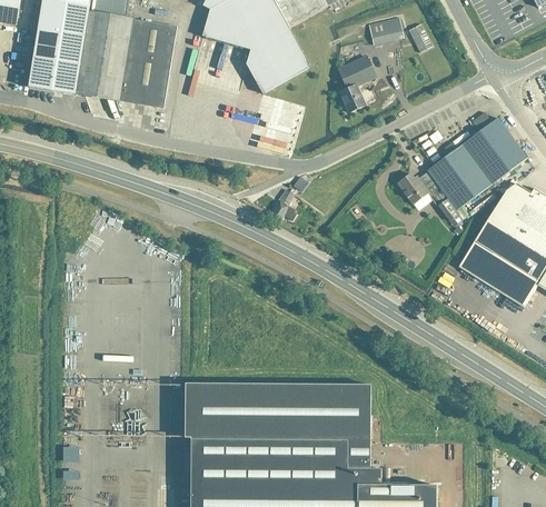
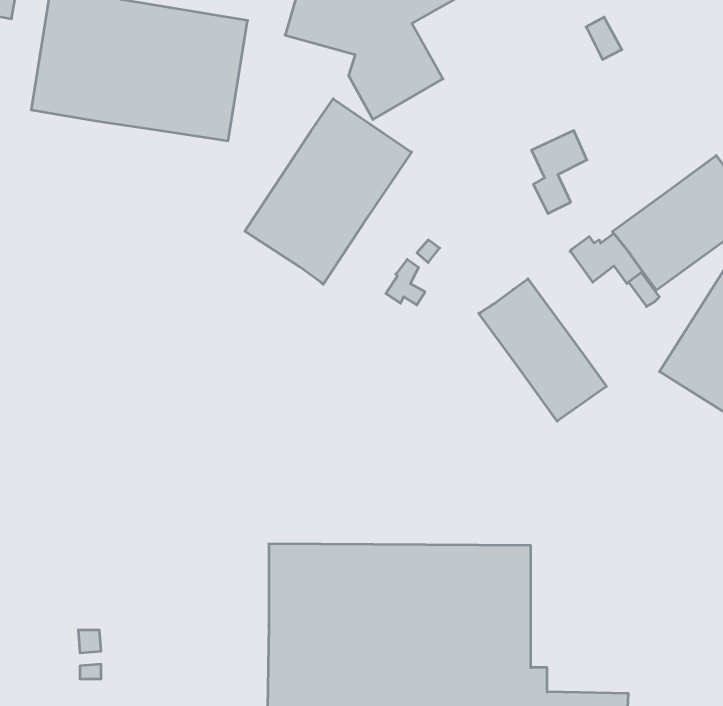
building: [368,17,404,44] -> none
building: [338,56,376,112] -> [532,131,587,214]
building: none -> [245,99,412,284]
building: none -> [479,279,606,421]

